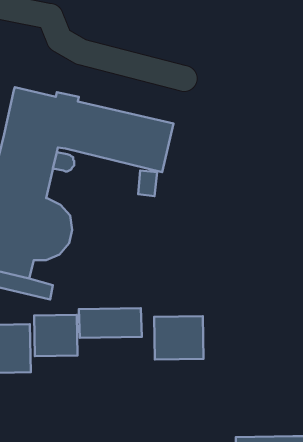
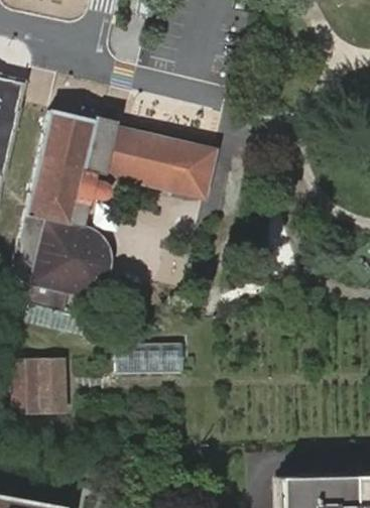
building: [34,315,78,356] -> none
building: [154,316,203,360] -> none

